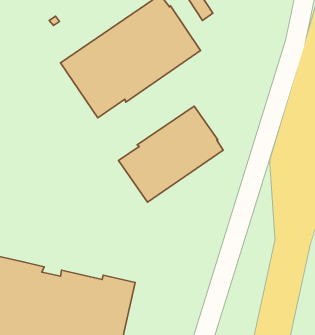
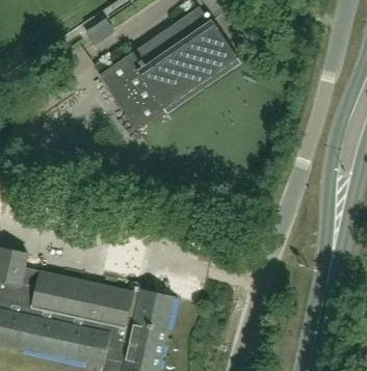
building: [119,106,223,202] -> none

